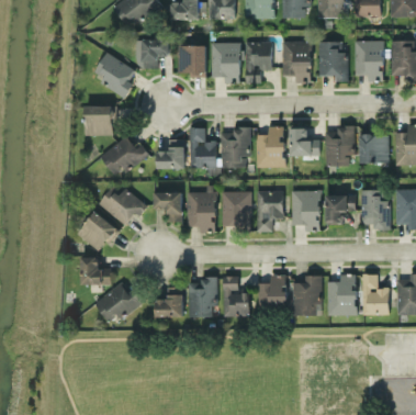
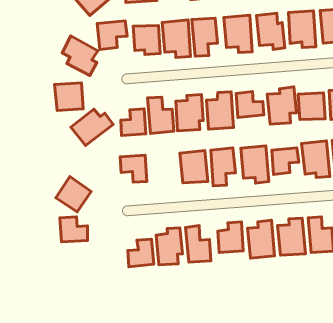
building: [99,182,145,227] -> none
building: [187,191,216,233] -> none
building: [94,282,144,321] -> none

